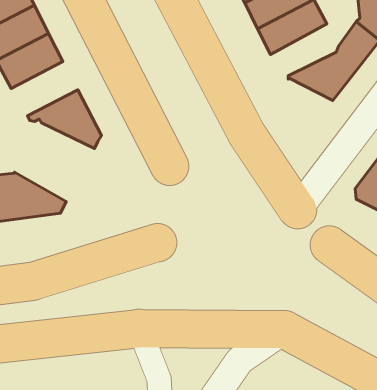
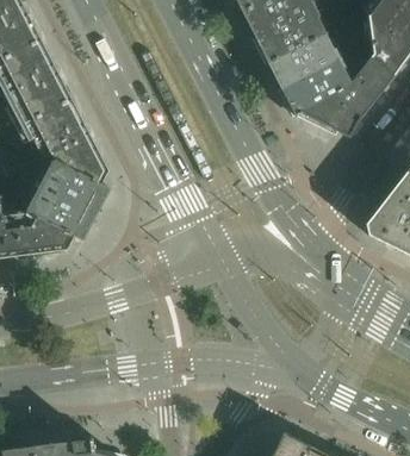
building: none -> [281,58,350,117]
building: none -> [18,96,86,151]
building: none -> [15,158,111,242]

